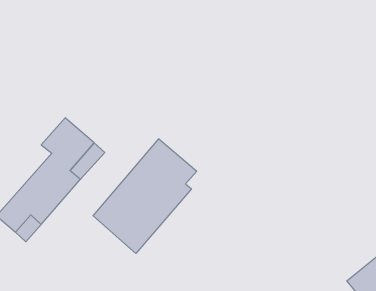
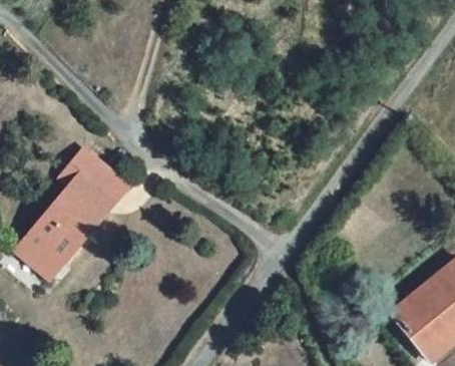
building: [93,139,197,253] -> none

